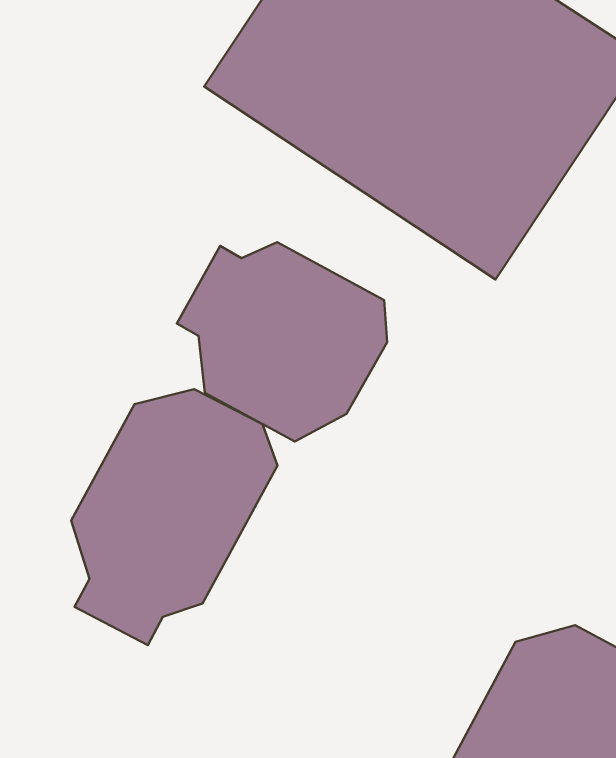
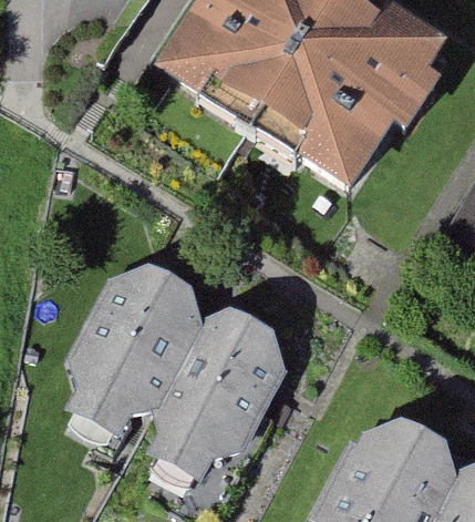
building: [177,242,387,442] -> none
building: none -> [151,308,287,479]

